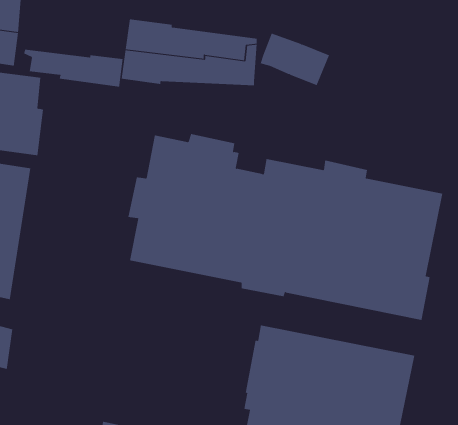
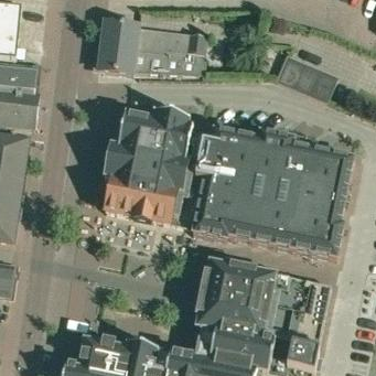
building: [260,33,330,86] -> [280,57,335,99]
building: [23,49,123,88] -> none

